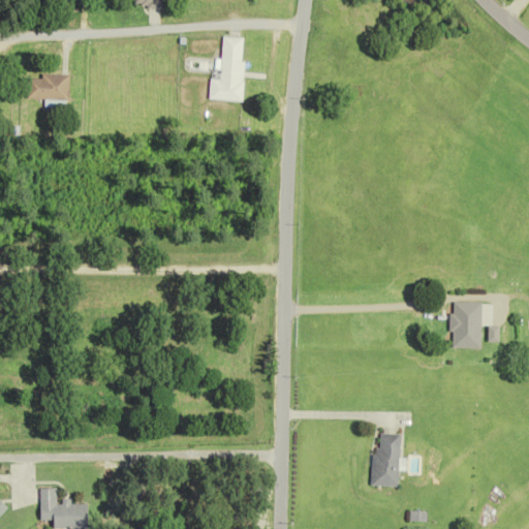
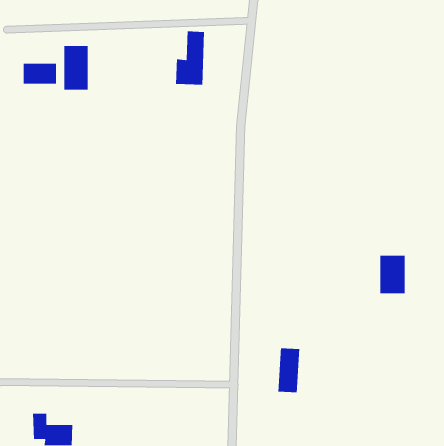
building: none -> [64,45,88,90]
building: [374,433,401,487] -> [277,348,300,393]

